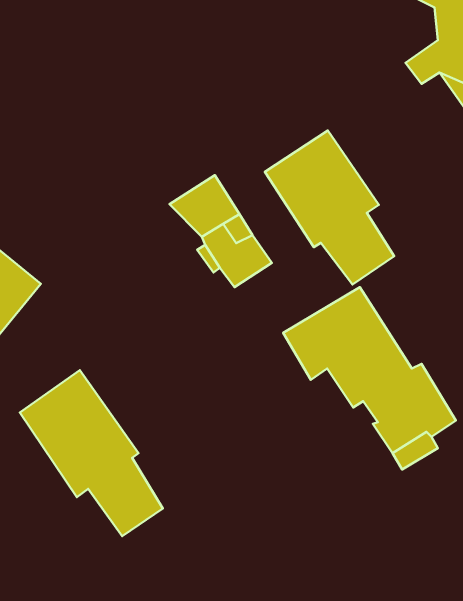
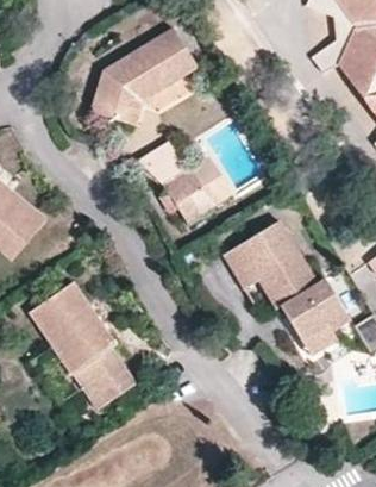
building: none -> [90,27,196,126]
building: [265,131,394,284] -> none

